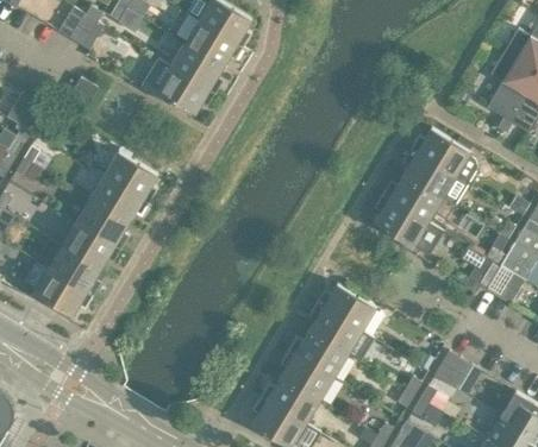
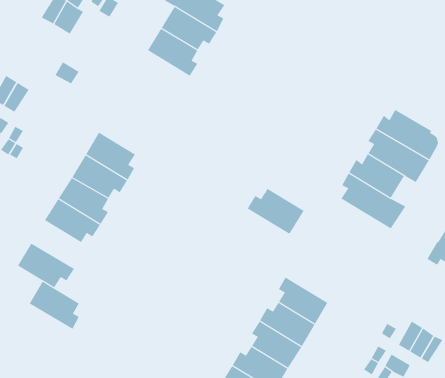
building: [139,59,214,114] -> none
building: [46,245,100,296] -> [29,281,80,329]
building: [314,283,375,332] -> [247,188,305,235]

